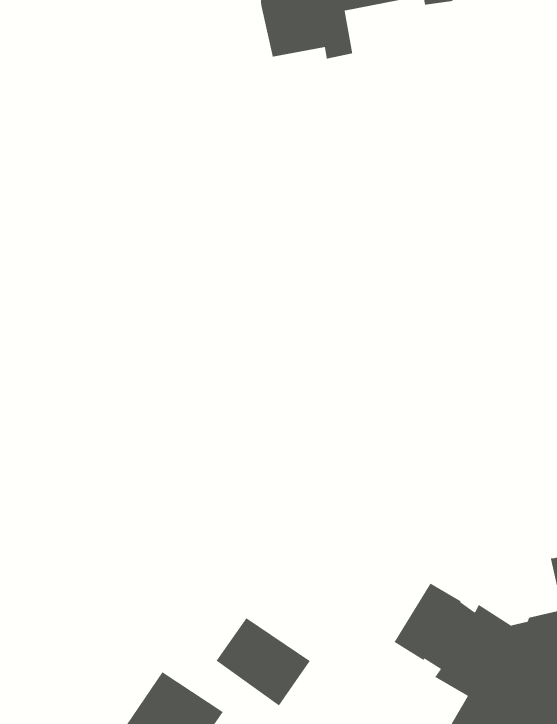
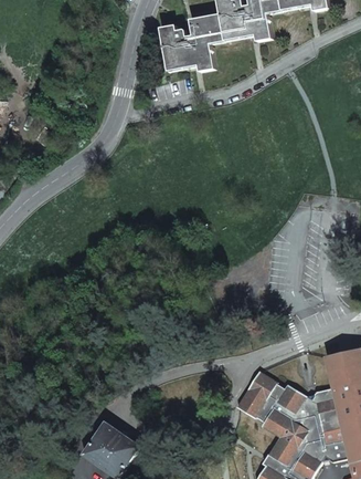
building: [216,617,311,706] -> none

